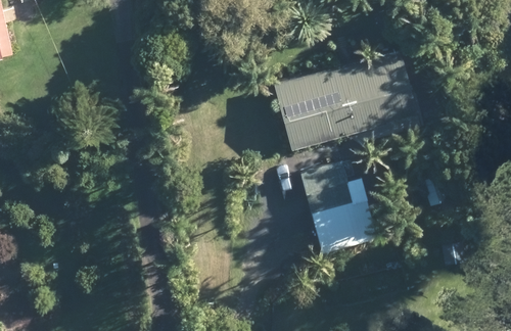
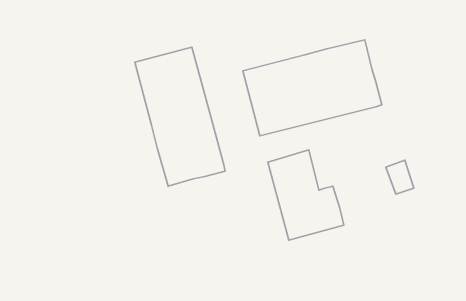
building: none -> [135,47,225,186]

